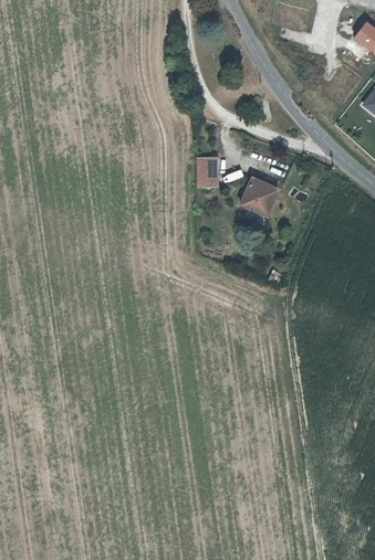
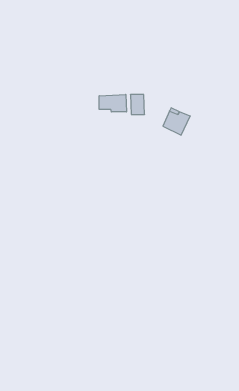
building: none -> [99,94,126,112]

